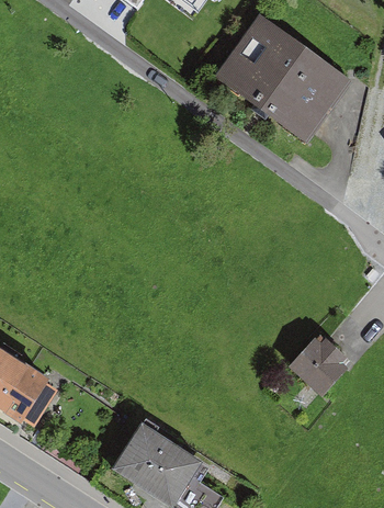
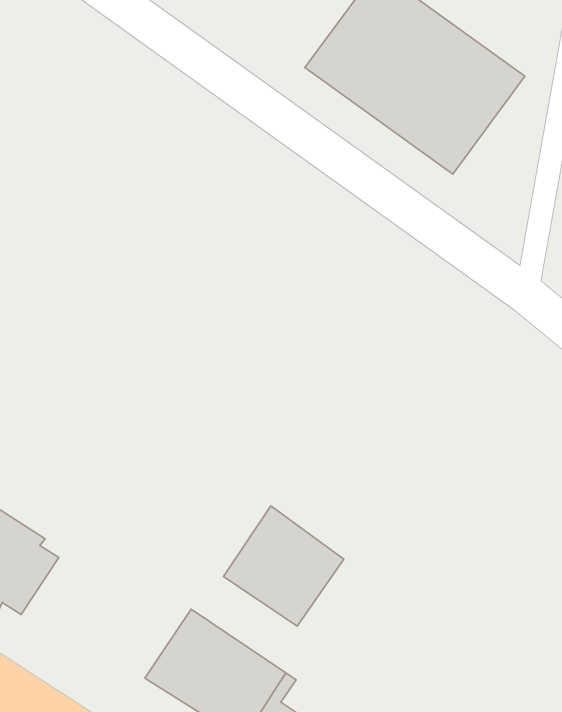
building: [287,330,348,395] -> none
building: none -> [223,506,344,626]

